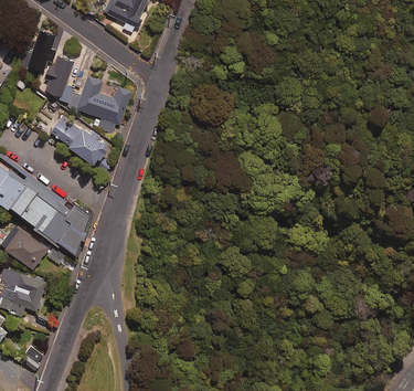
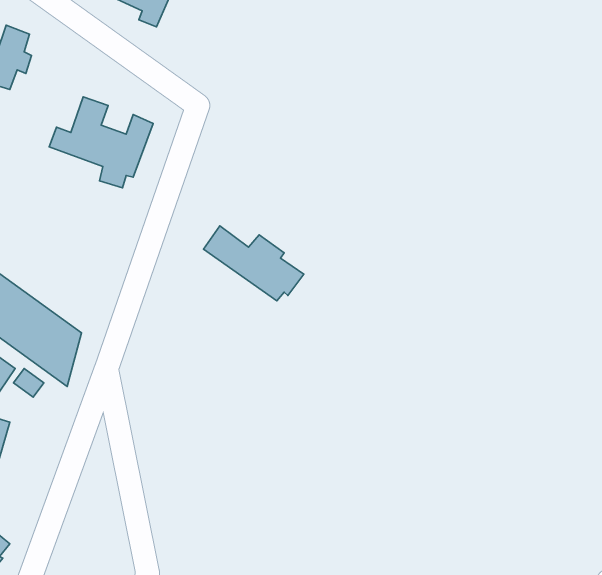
building: [44,59,73,105] -> none
building: [50,121,112,168] -> [204,226,304,301]

